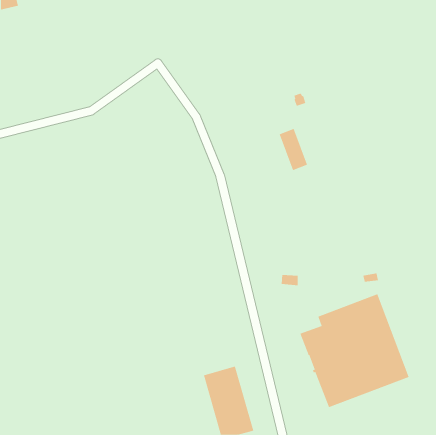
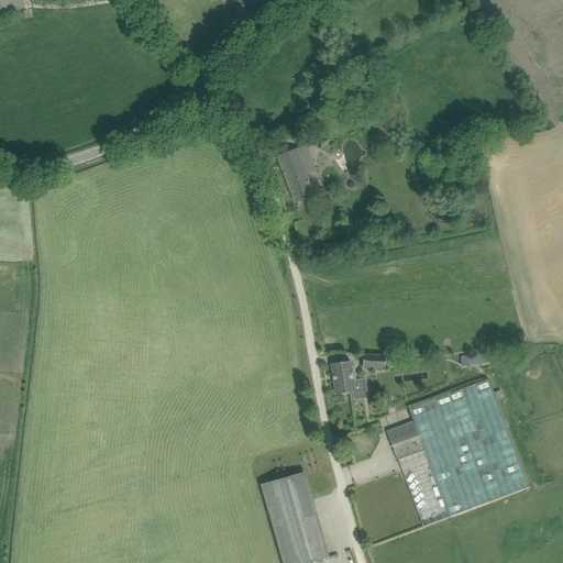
building: [279,128,308,171] -> [277,147,314,202]
building: none -> [331,361,356,394]

